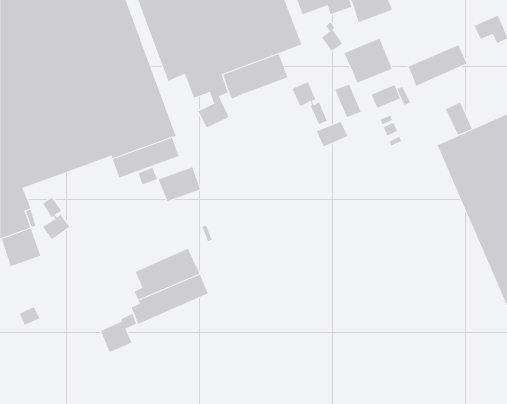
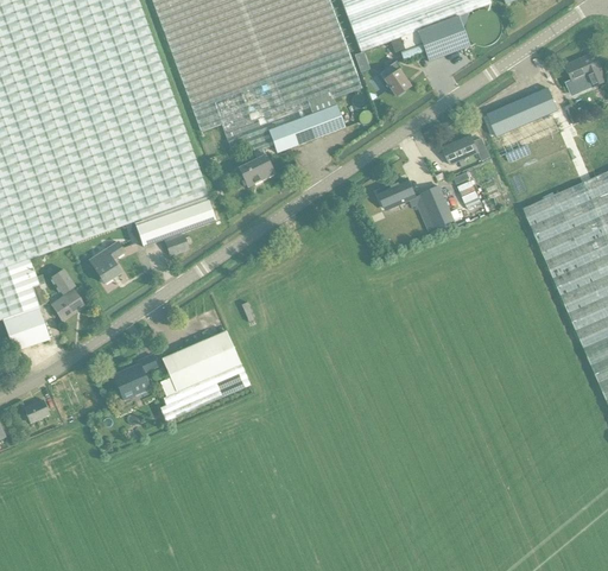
building: [344,38,392,83] -> none
building: [292,81,328,125] -> none
building: [335,84,362,118] -> [423,189,455,229]
building: [445,102,472,135] -> none
building: [158,166,201,202] -> none
building: none -> [89,241,124,283]
building: [100,313,137,353] -> [113,353,157,400]

